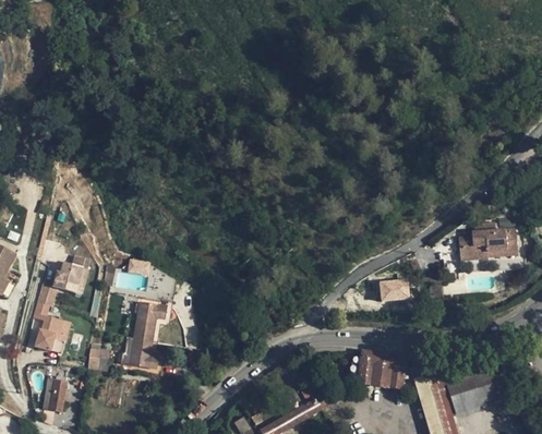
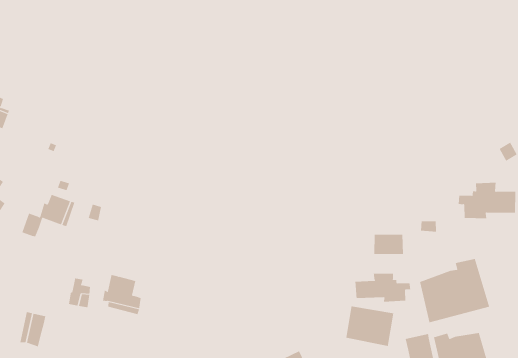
building: none -> [419,258,490,323]
building: [134,301,166,341] -> none
building: [33,302,63,352] -> none
building: none -> [355,273,411,303]

